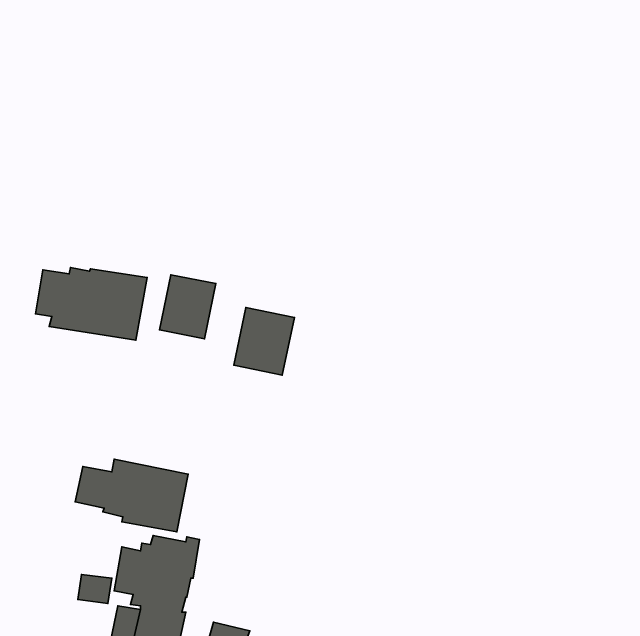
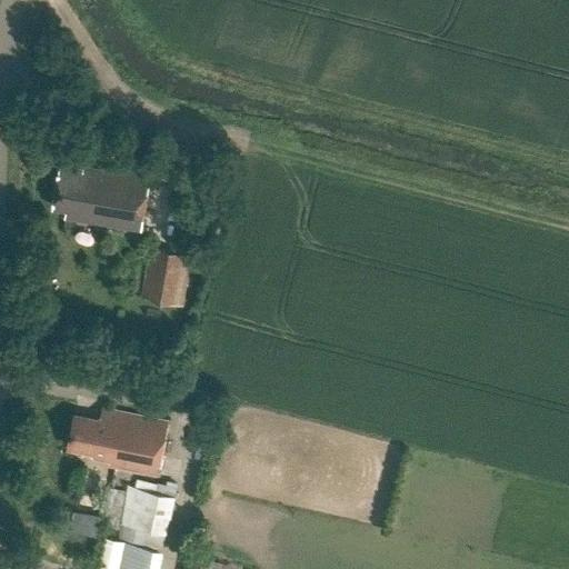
building: [35,267,147,340] -> [51,169,150,233]
building: [234,307,295,375] -> none

